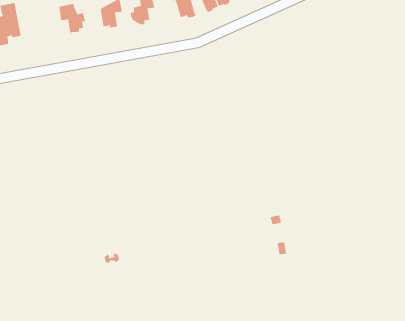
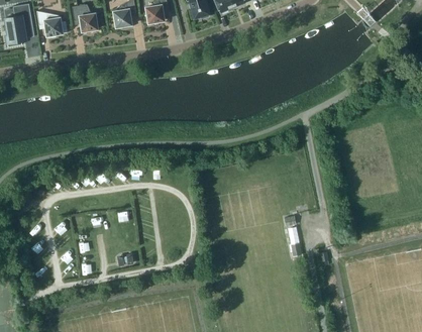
building: none -> [36,11,67,38]

